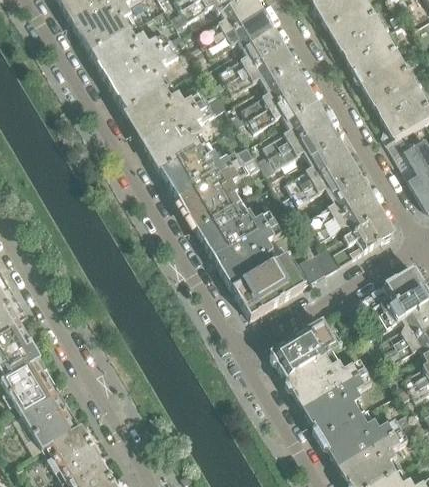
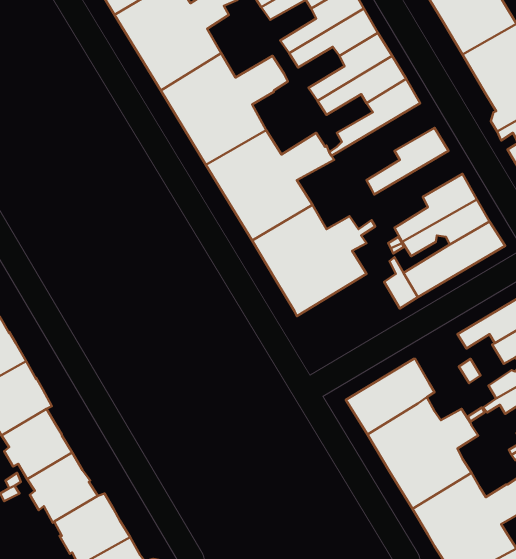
building: [260,122,340,174] -> none
building: [293,159,362,204] -> none
building: [233,252,311,318] -> none

